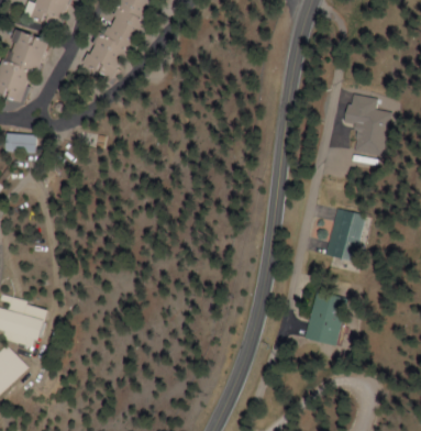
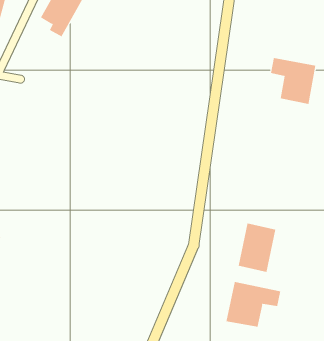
building: [325,208,368,262] -> none
building: none -> [226,281,281,328]

